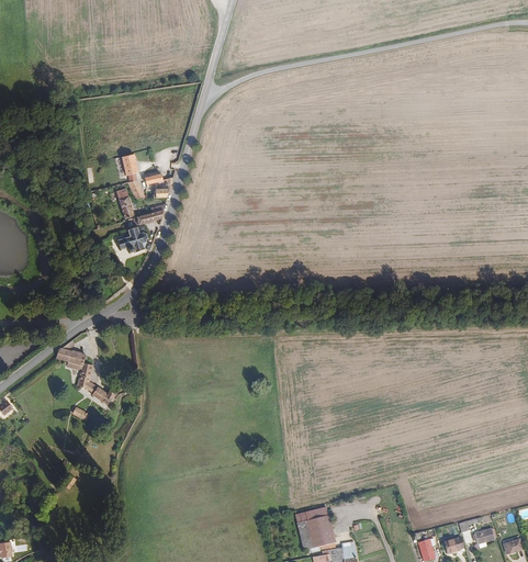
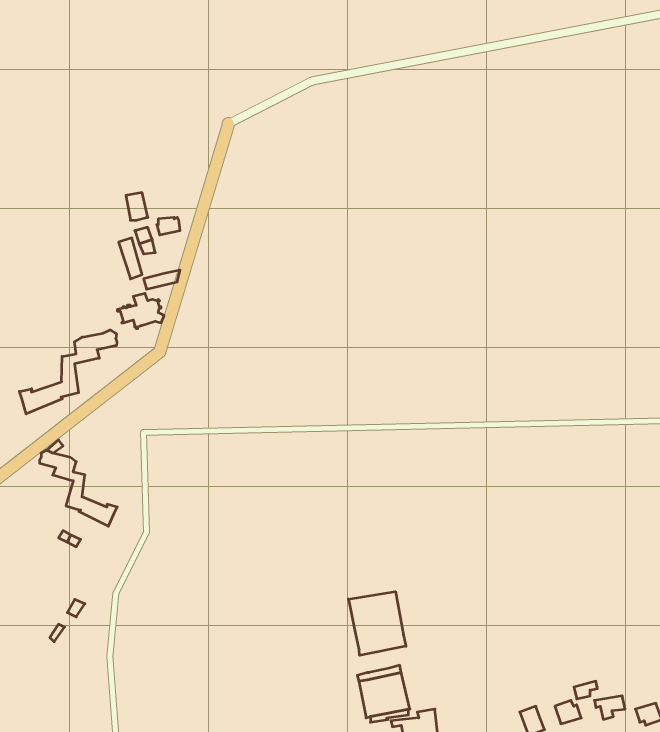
building: none -> [19,330,117,414]
building: none -> [348,592,406,655]

